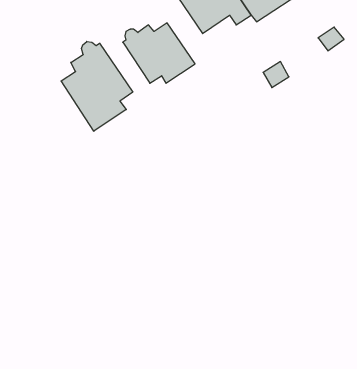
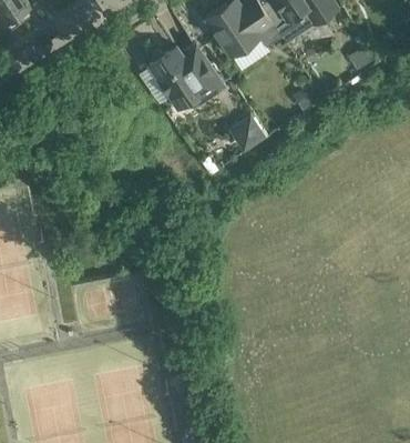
building: [61,41,133,131] -> none
building: none -> [226,114,264,151]

